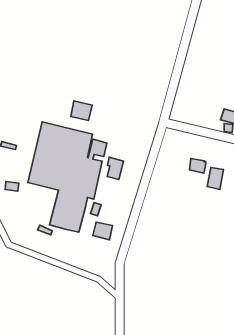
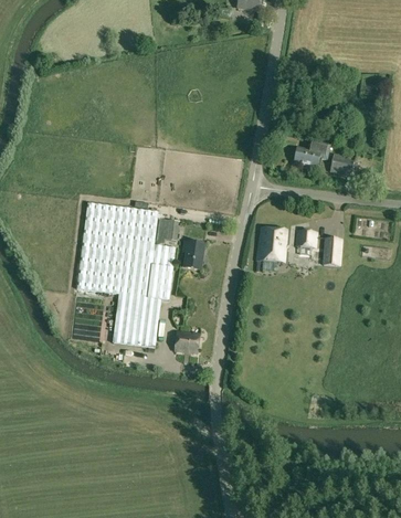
building: none -> [294,140,331,166]
building: [71,101,92,121] -> none
building: none -> [256,226,287,261]

